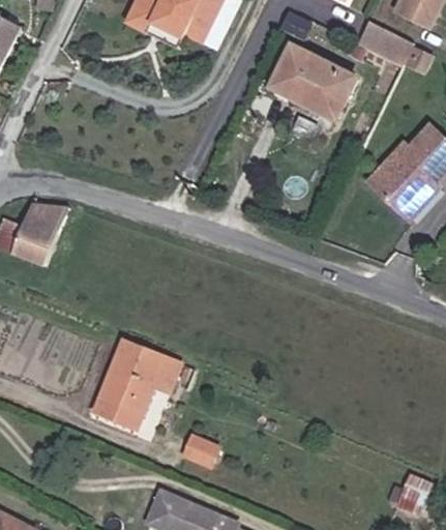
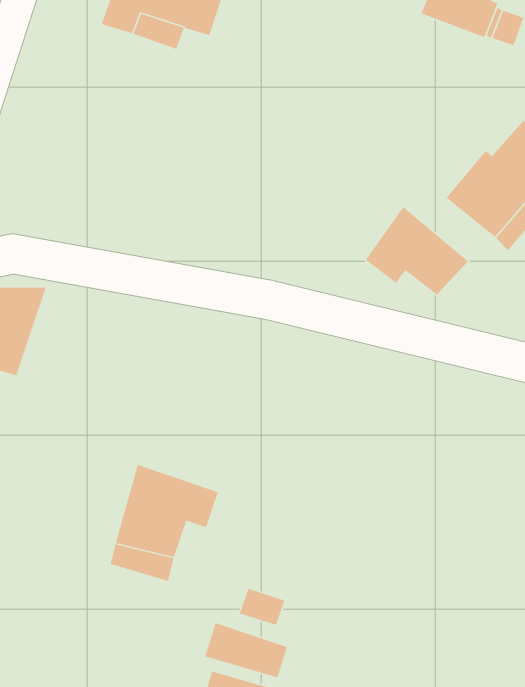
building: [268,46,357,121] -> none
building: none -> [365,206,469,295]
building: none -> [204,622,288,678]

